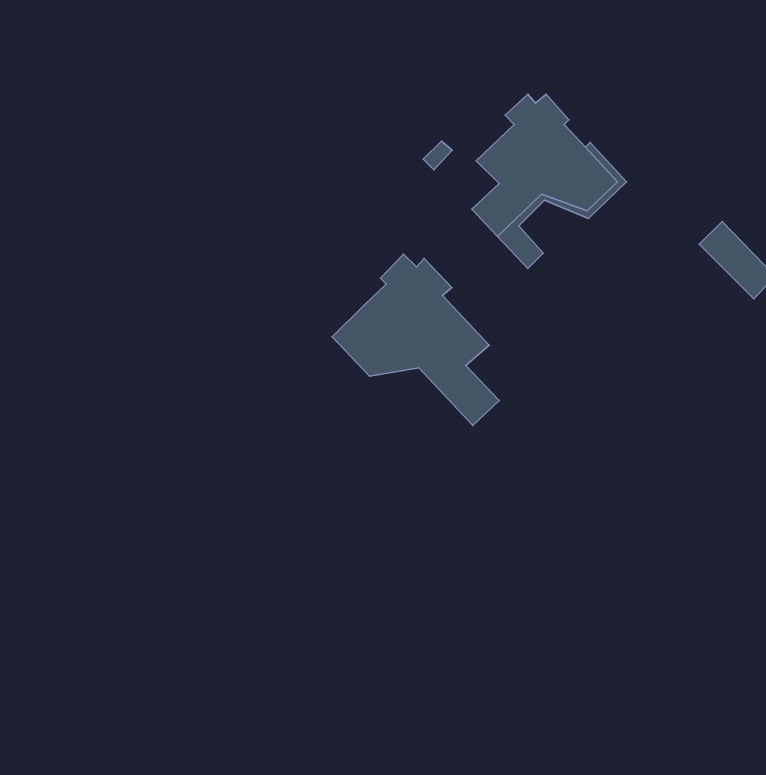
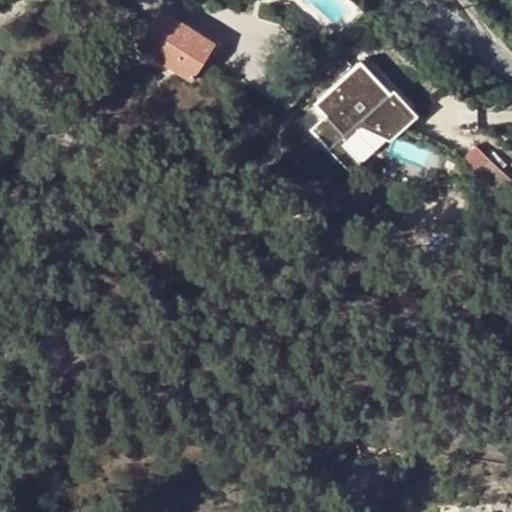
building: none -> [143,9,221,81]
building: [332,254,499,425] -> none

